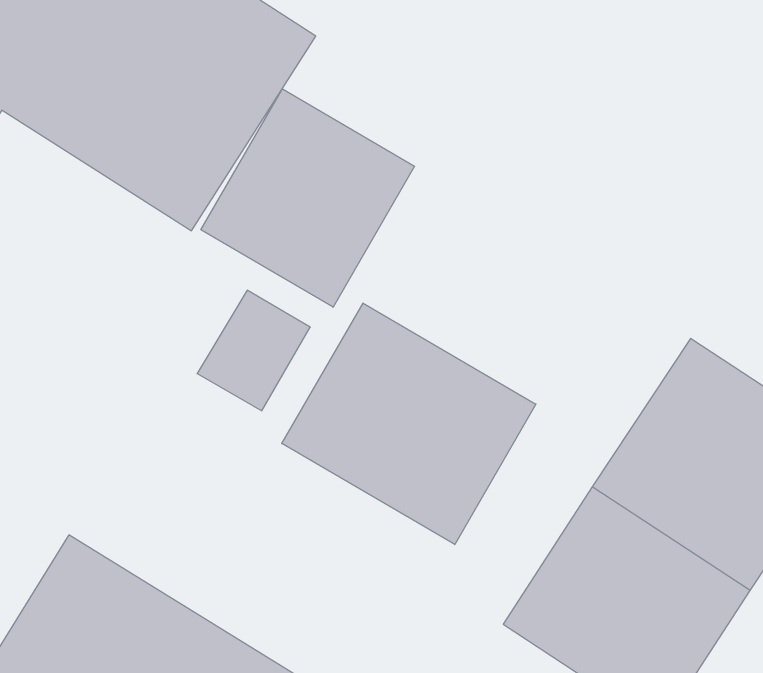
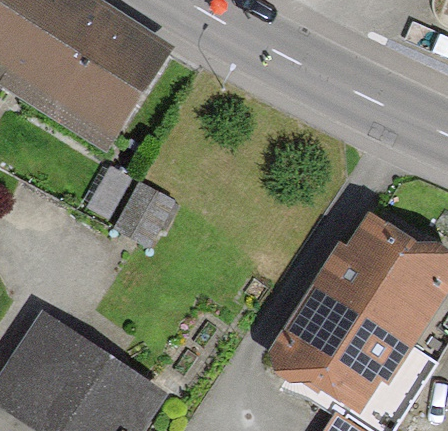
building: [201,89,415,307] -> none
building: [282,303,536,545] -> none

